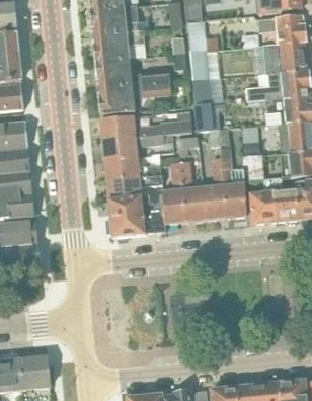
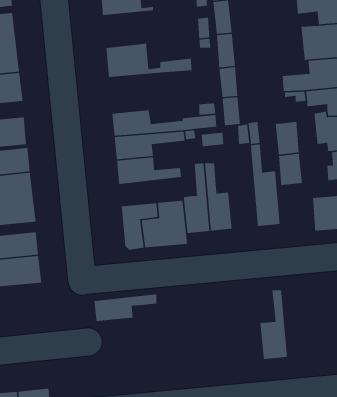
building: [92,31,138,63] -> none
building: [97,81,187,115] -> none
building: [202,159,226,220] -> [260,290,288,360]
building: [106,175,161,199] -> [94,294,157,322]
building: [249,192,276,224] -> none

